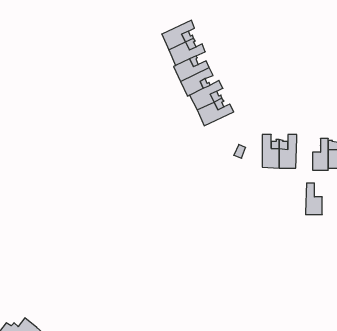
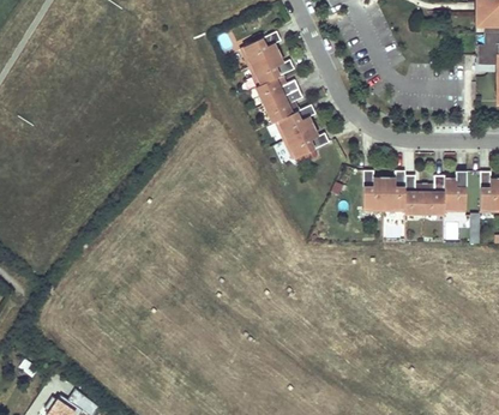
building: [306,183,322,215] -> [404,175,425,213]

